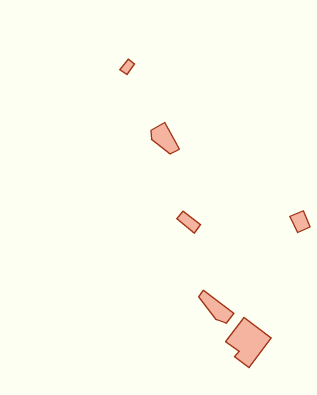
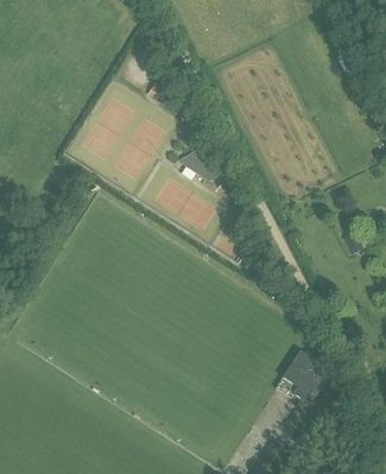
building: [199,290,234,323] -> none

